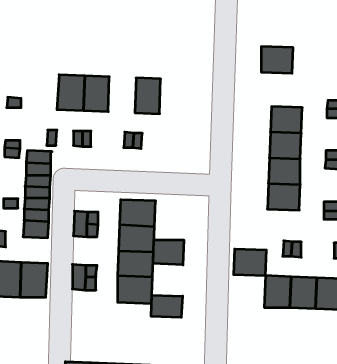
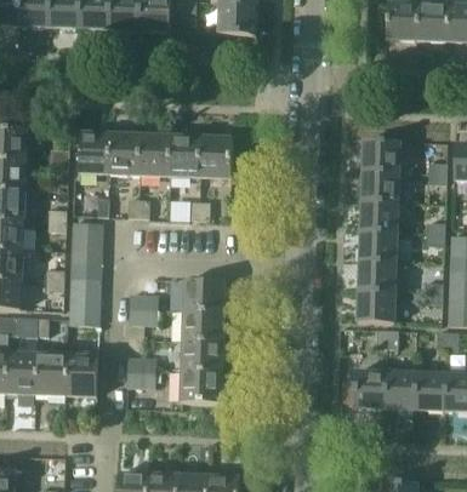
building: [261,47,293,73] -> [363,139,400,171]
building: none -> [79,131,112,173]
building: none -> [170,135,203,177]
building: [153,240,184,265] -> none
building: [234,249,266,276] -> [357,291,395,322]
building: [151,295,183,317] -> none

